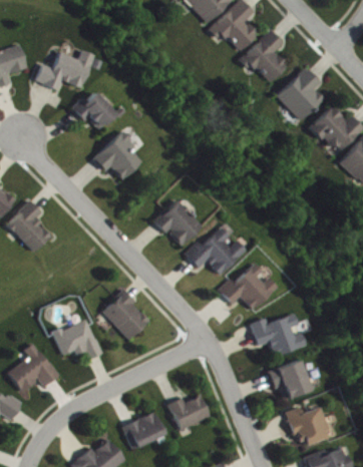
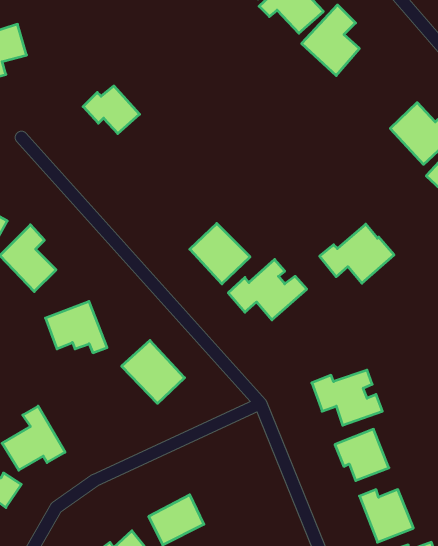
building: [35,50,93,89] -> none
building: [276,68,323,120] -> none
building: [92,131,141,180] -> none
building: [219,264,277,310] -> [320,224,394,283]
building: [53,319,101,359] -> [45,301,107,353]
building: [170,396,211,429] -> none

